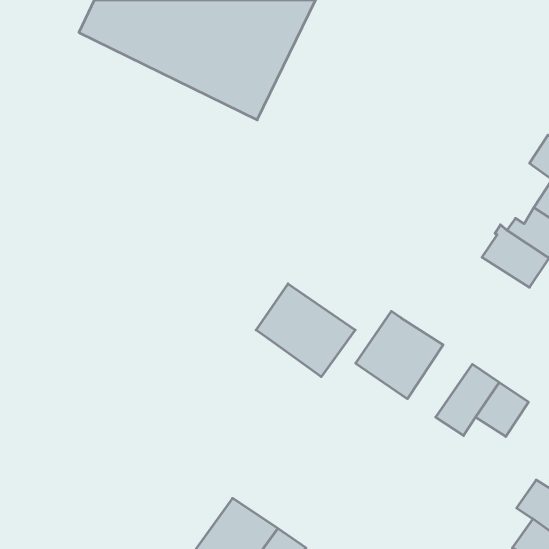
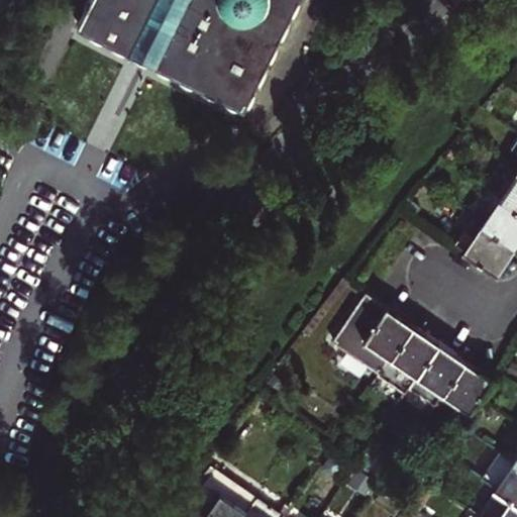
building: [256,284,355,377] -> none
building: none -> [384,325,444,393]

